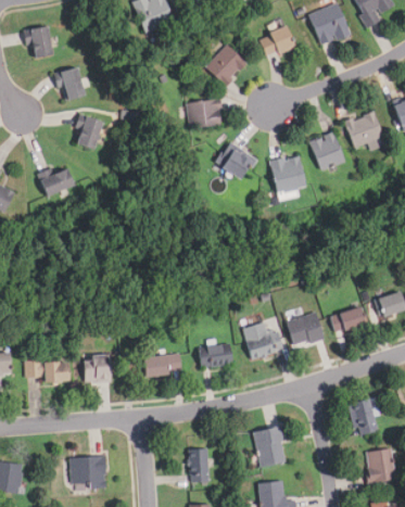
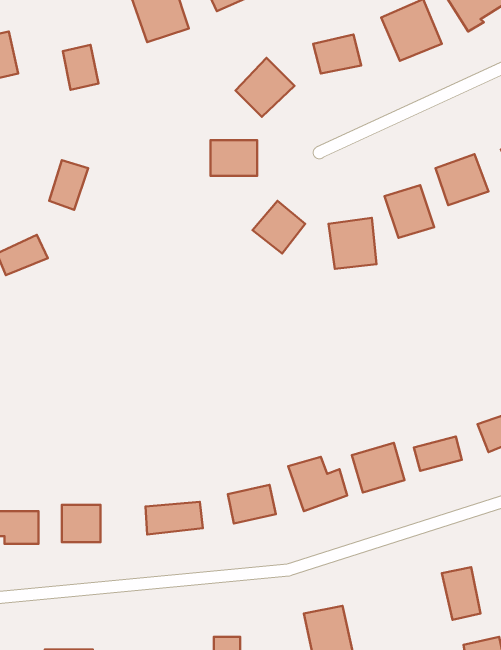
building: [59,67,84,99] -> [63,45,98,90]

